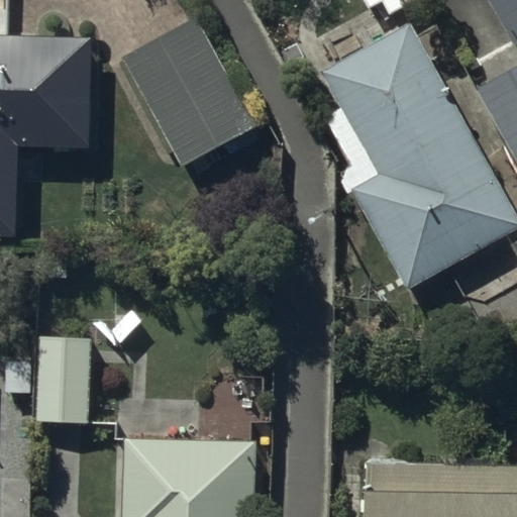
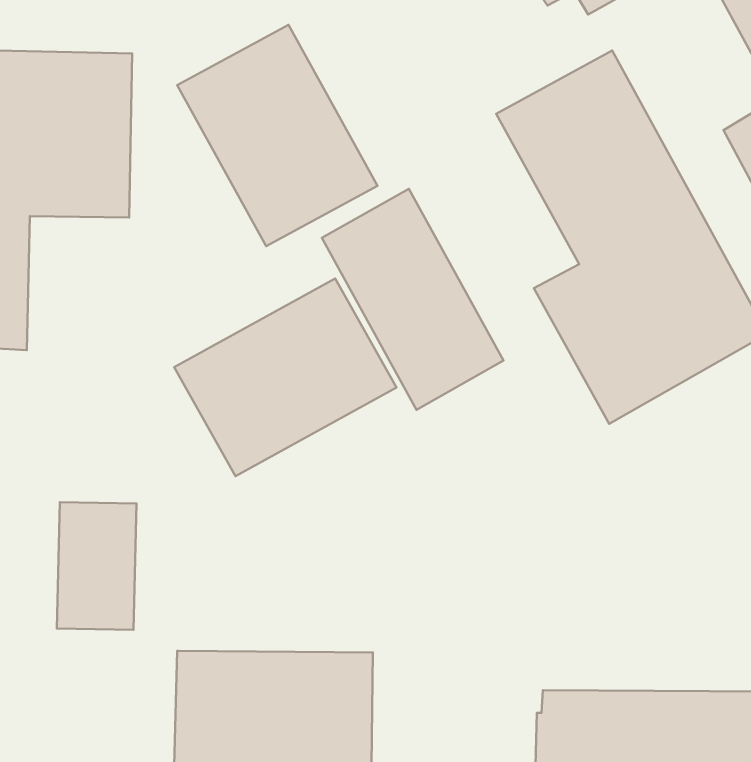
building: none -> [322,189,503,410]
building: none -> [174,279,396,476]

